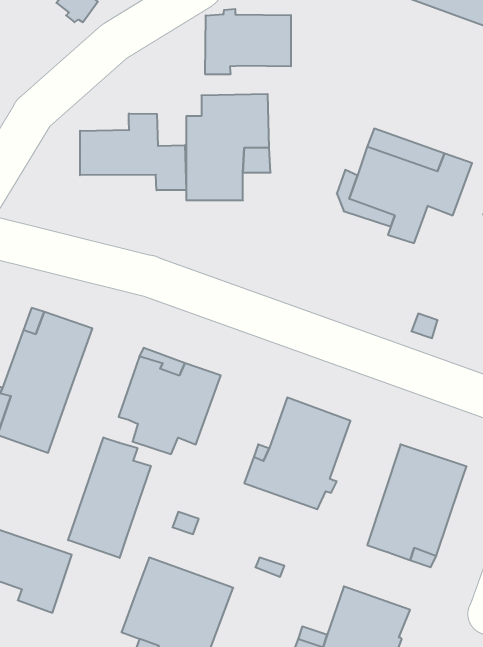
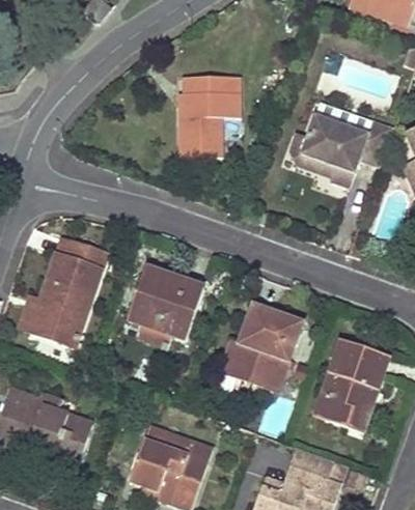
building: [205,9,291,74] -> none
building: [80,113,186,190] -> none
building: [68,437,151,558] -> none

